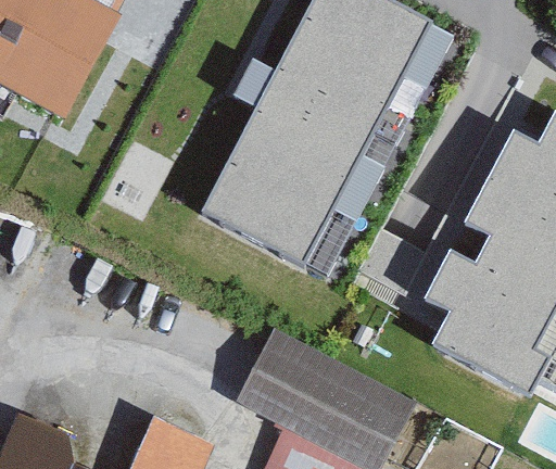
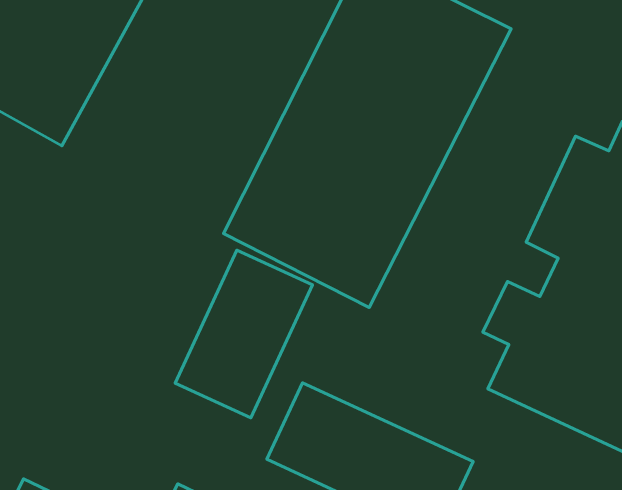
building: none -> [175,250,313,418]

